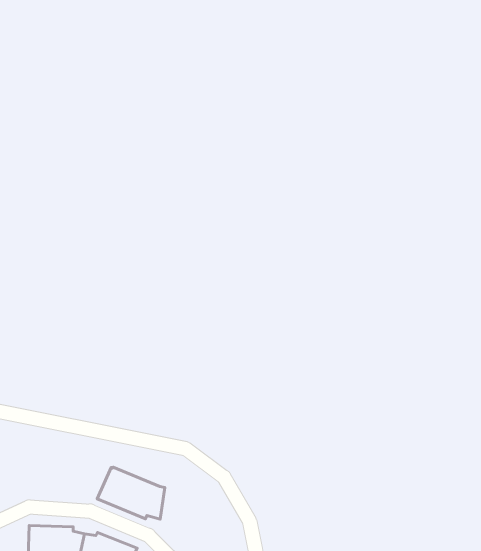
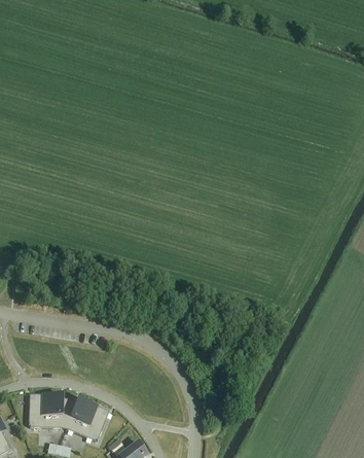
building: [97,467,165,519] -> none

